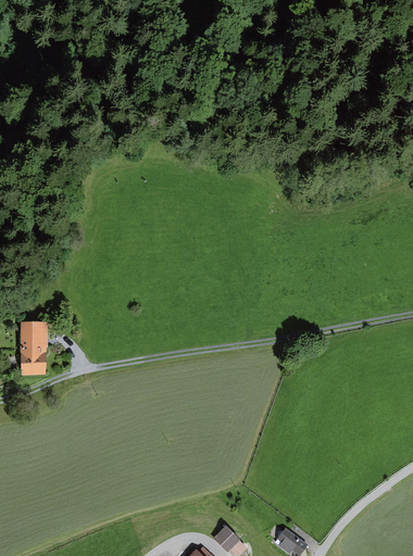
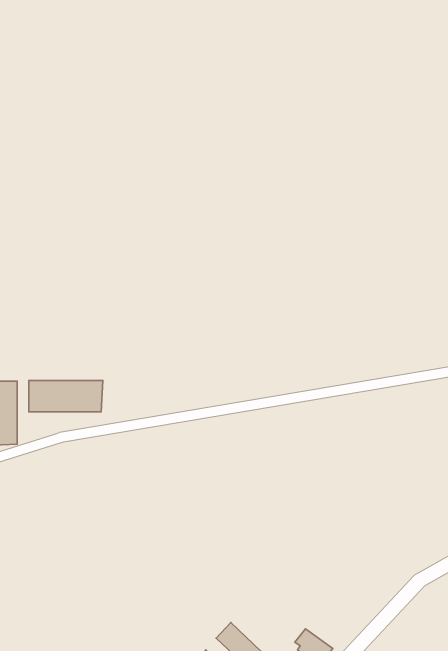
building: none -> [29,380,103,412]

